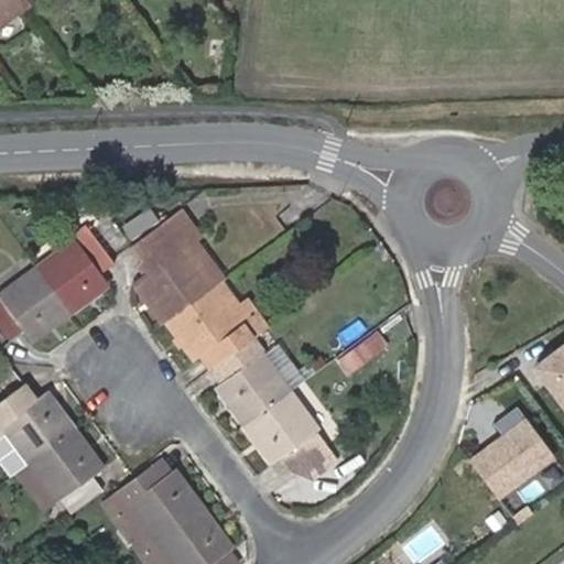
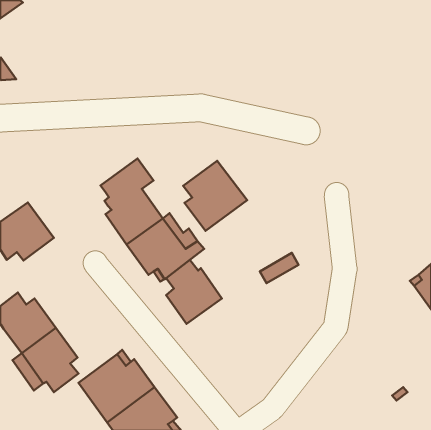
building: none -> [183,161,247,231]
building: [36,227,115,312] -> none
building: [243,391,324,468] -> none
building: [470,419,556,501] -> none

